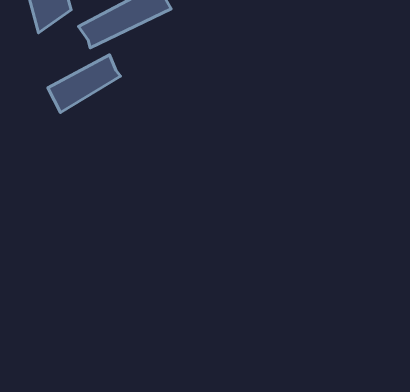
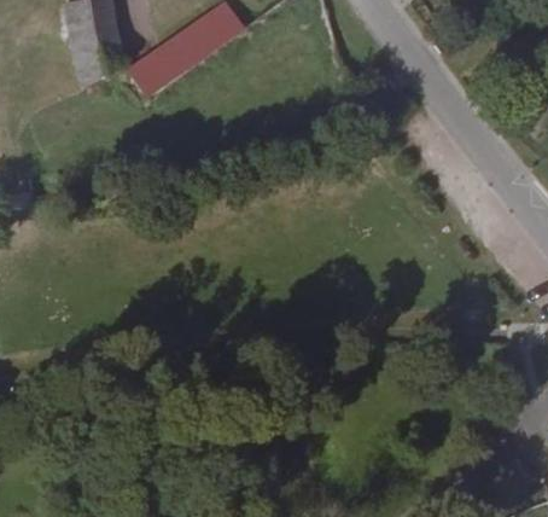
building: [48,55,120,113] -> none

